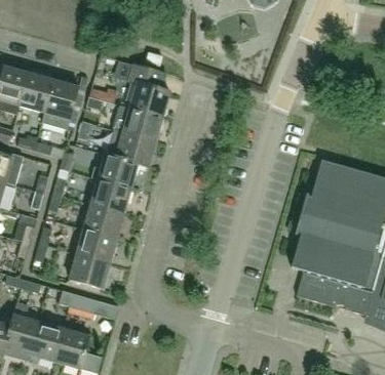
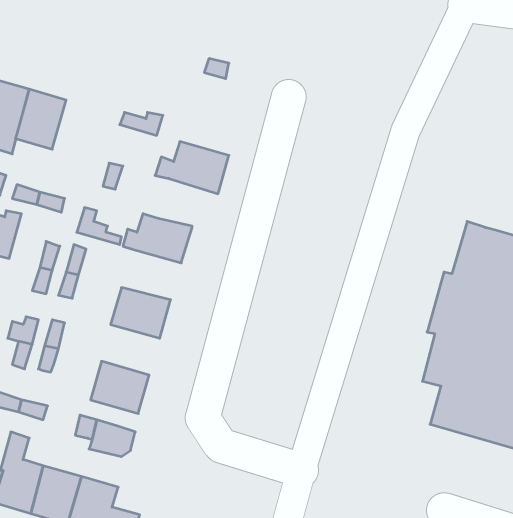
building: [129,62,168,116] -> none
building: [41,79,79,129] -> none
building: [115,131,155,167] -> none
building: [90,178,130,212] -> none
building: [77,228,116,262] -> none

